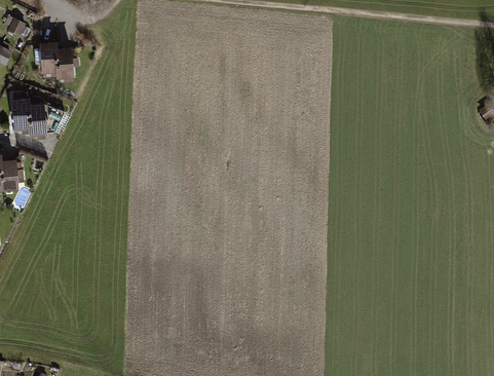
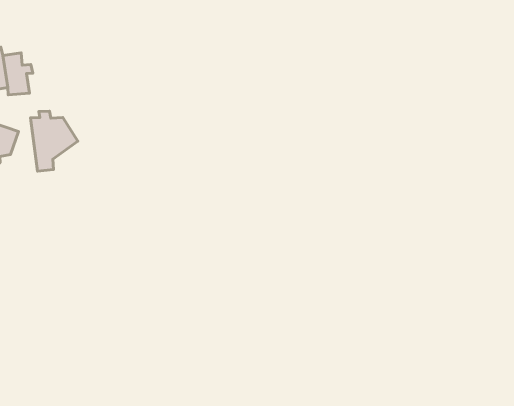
building: none -> [30,111,78,171]

